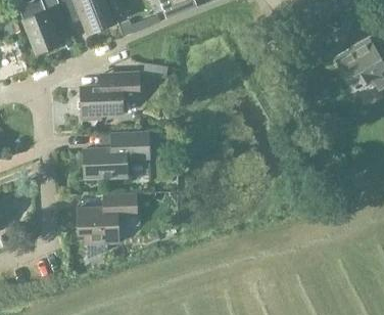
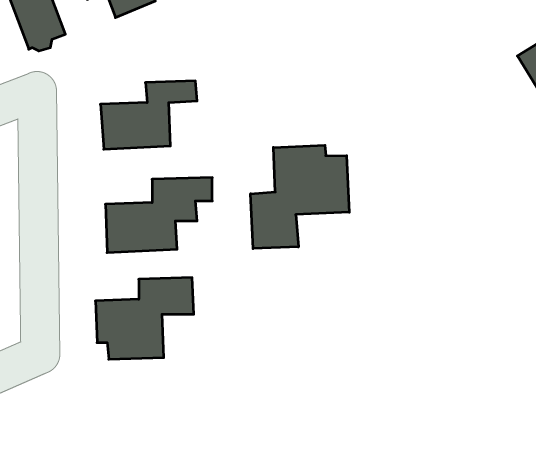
building: none -> [251,145,349,249]

